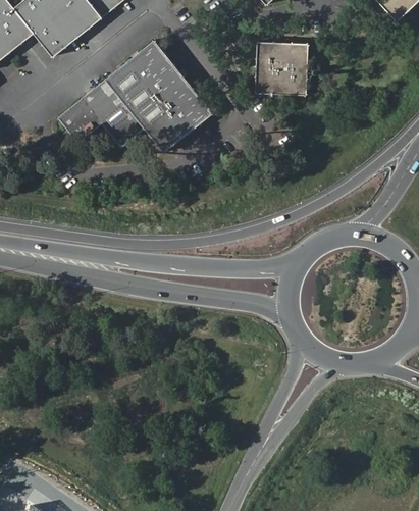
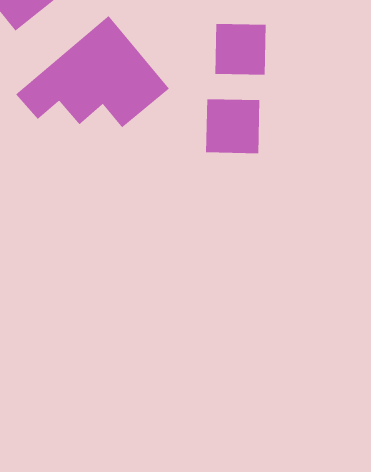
building: none -> [206,98,260,154]

